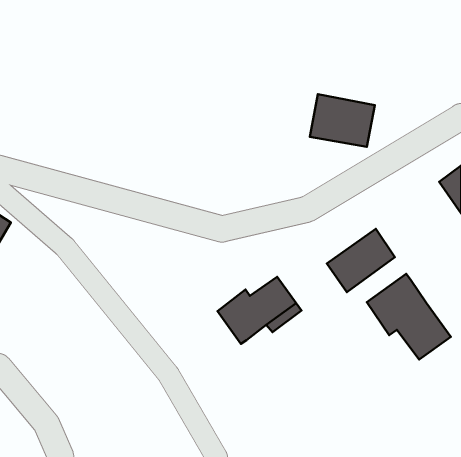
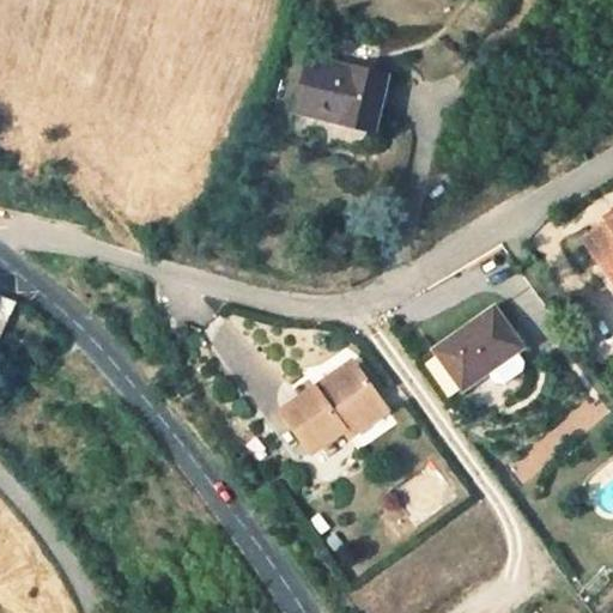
building: [310,94,375,147] -> [292,60,378,129]
building: [367,274,451,359] -> none

